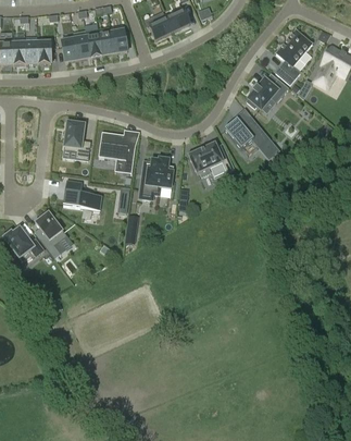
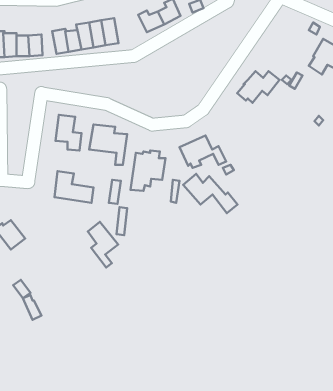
building: [275,28,312,83] -> none
building: [224,117,278,156] -> [183,174,238,213]
building: [36,211,66,257] -> [88,222,118,267]

